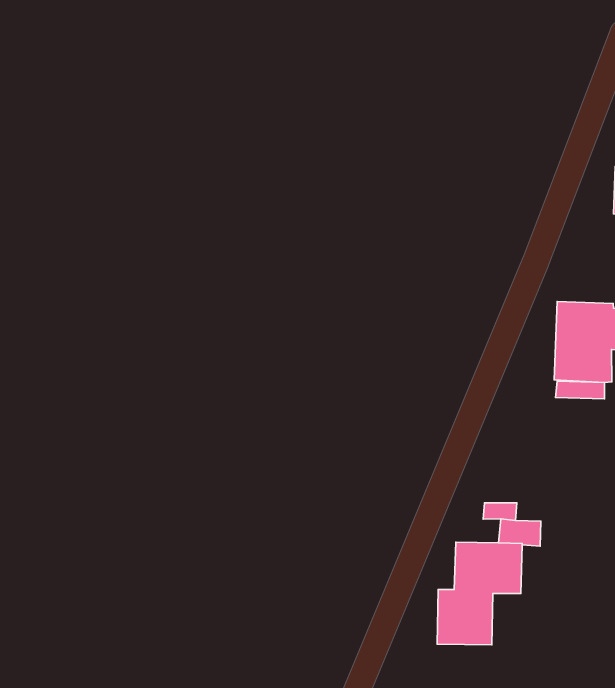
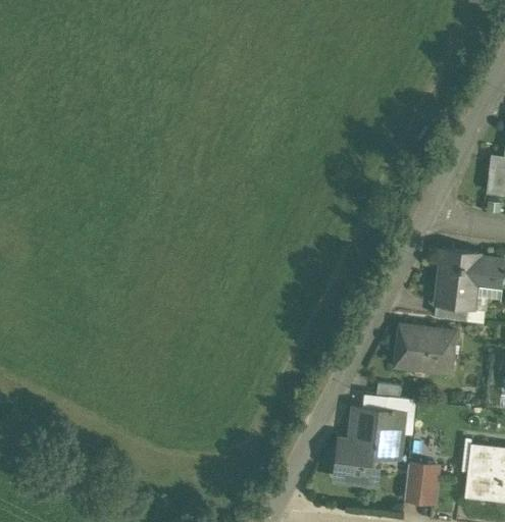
building: none -> [395,325,456,372]
building: none -> [403,463,437,504]

